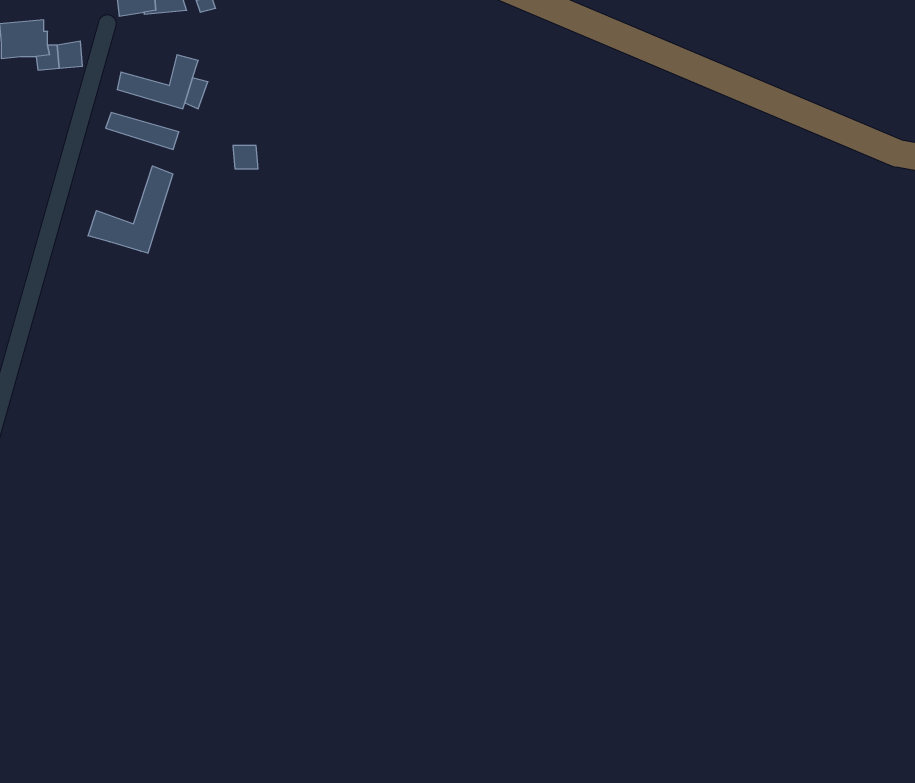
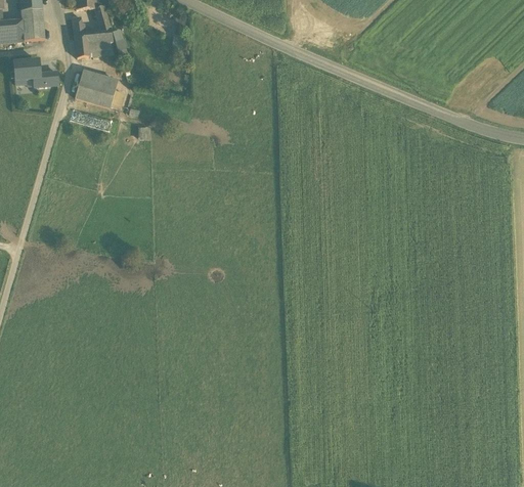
building: none -> [78,72,107,95]
building: [88,166,173,253] -> none

